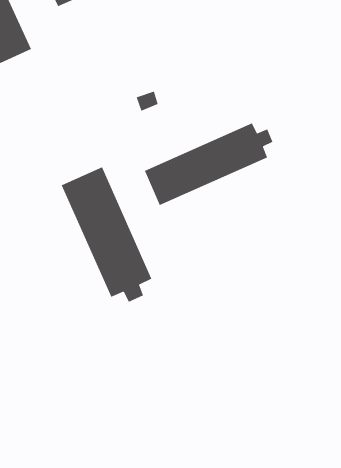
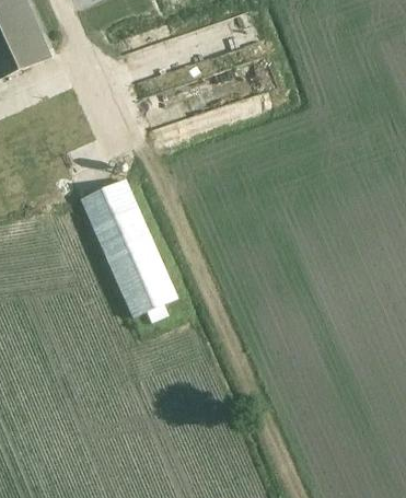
building: [144,122,273,206] -> none

